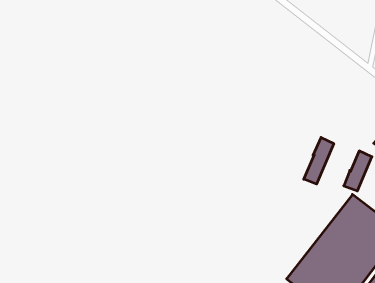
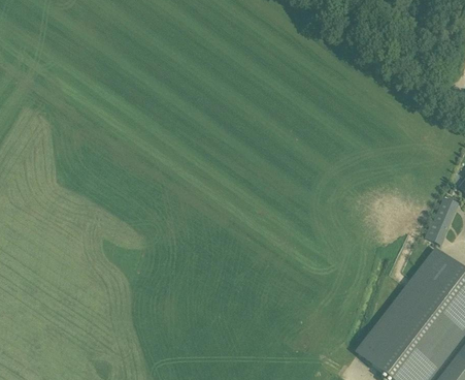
building: [304,137,334,184] -> none

